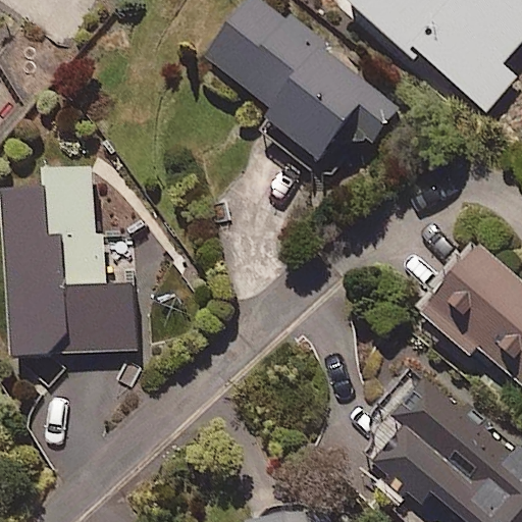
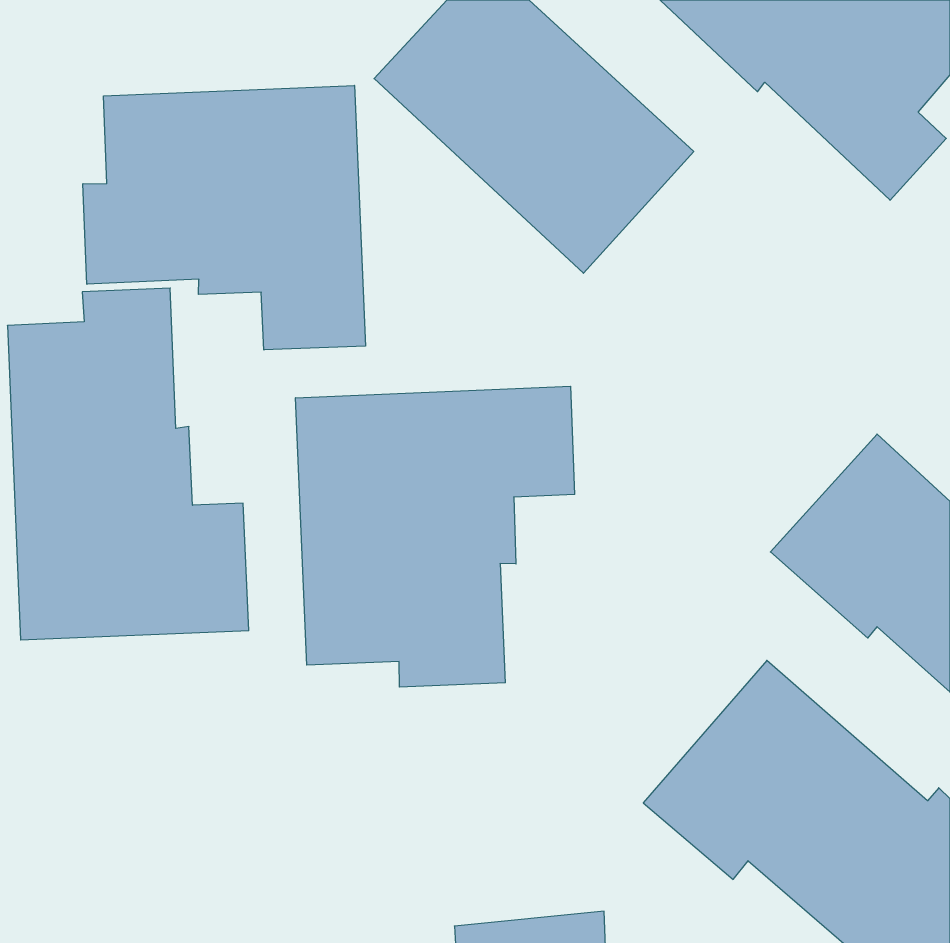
building: none -> [83,85,365,350]
building: none -> [296,386,575,687]

